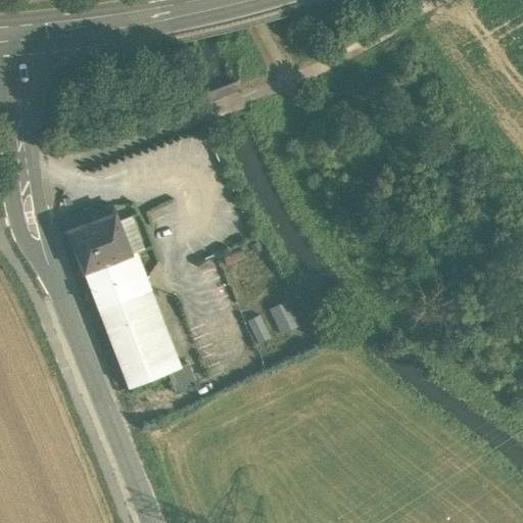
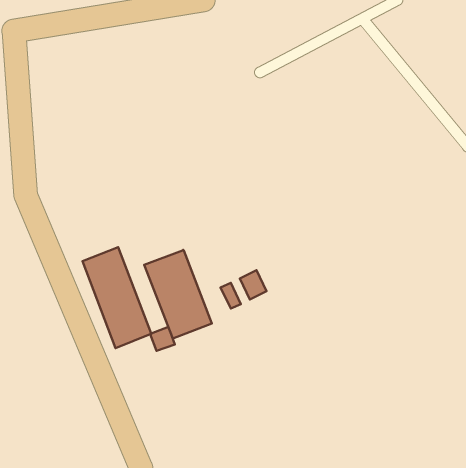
building: [69,213,134,291] -> none
building: none -> [144,250,212,338]

